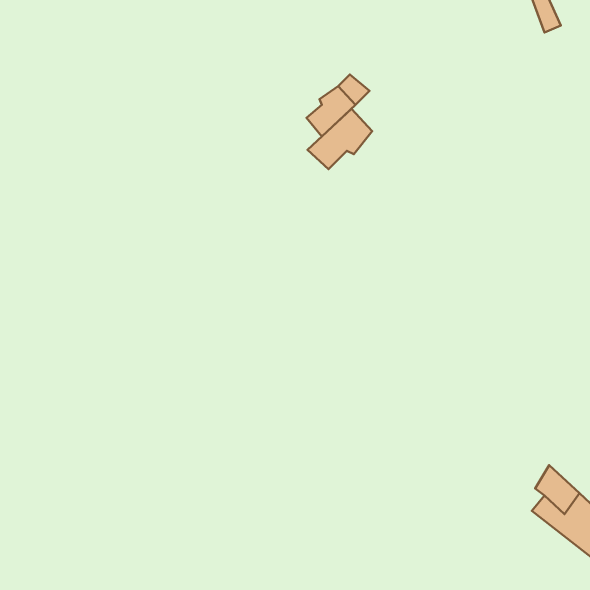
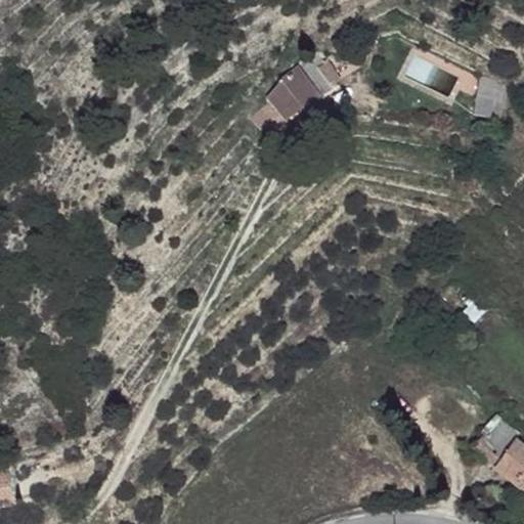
building: [308,109,372,169] -> none

